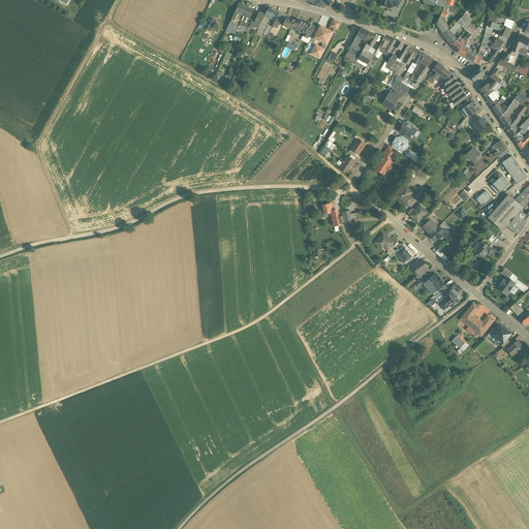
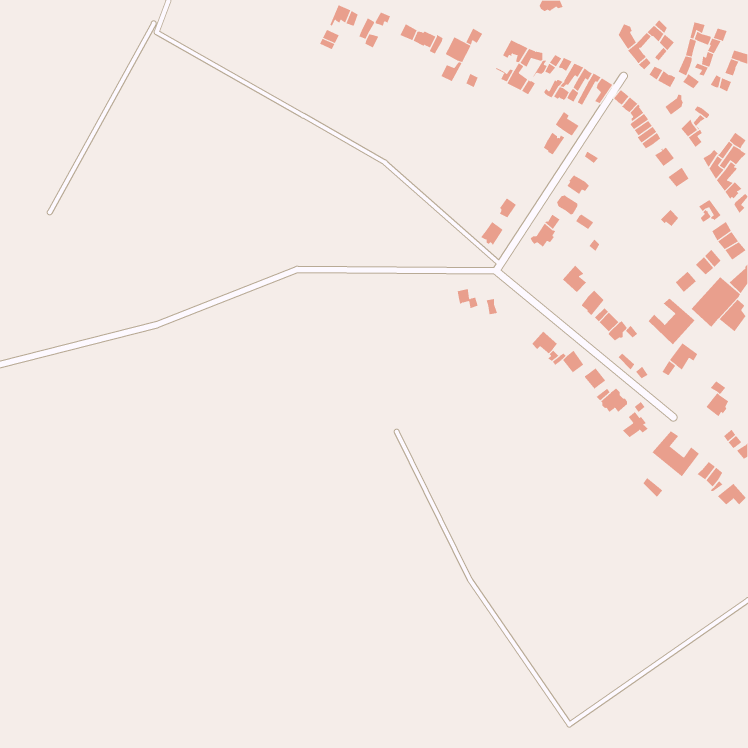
building: none -> [648,298,696,345]

